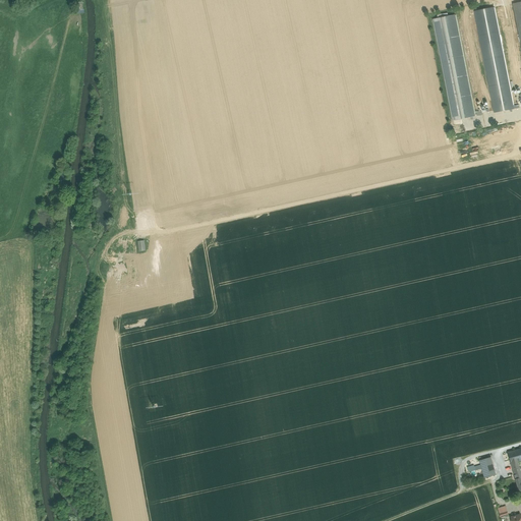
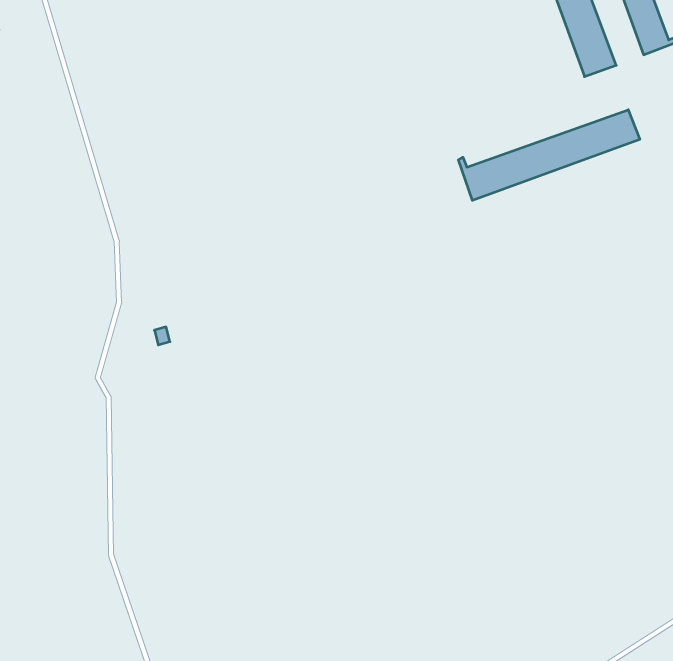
building: none -> [458,110,640,200]

